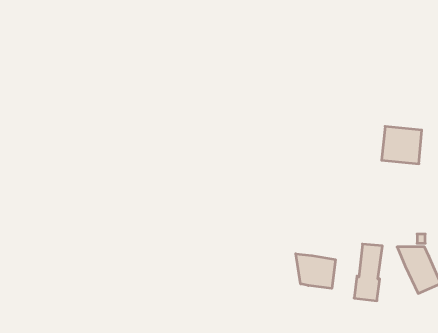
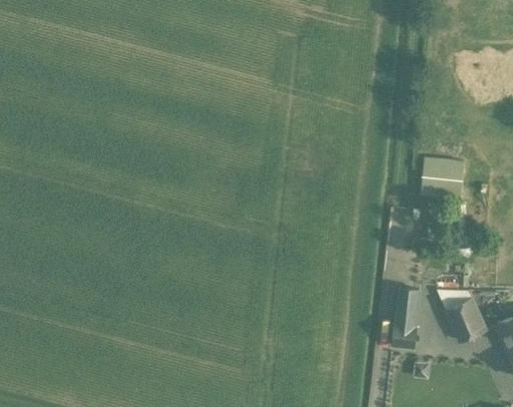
building: [296,254,335,288] -> none

